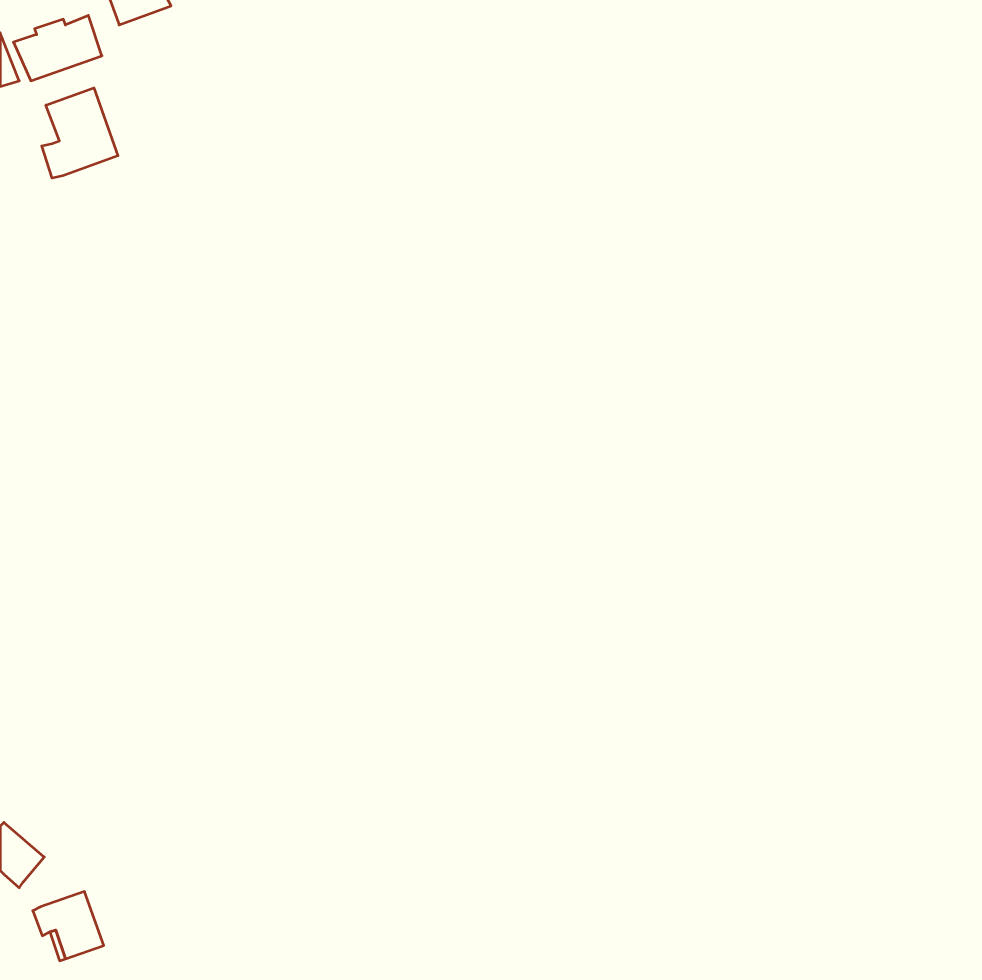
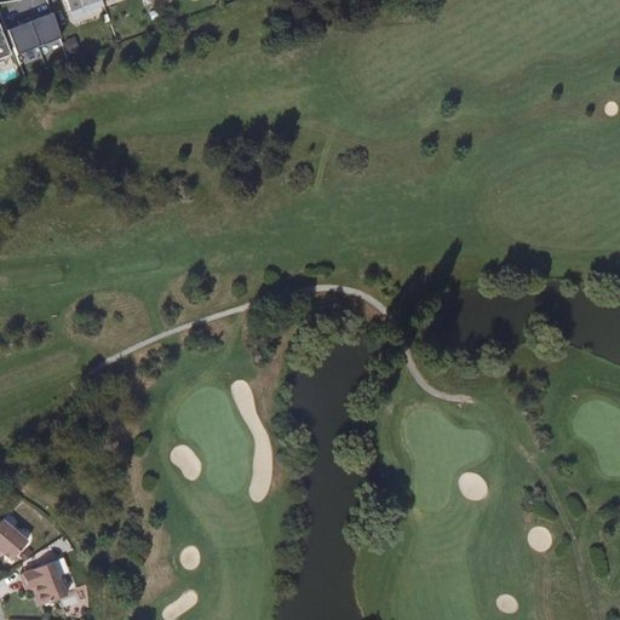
building: [42,88,118,178] -> none

